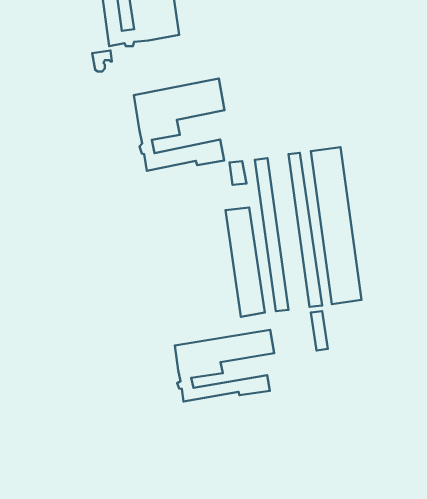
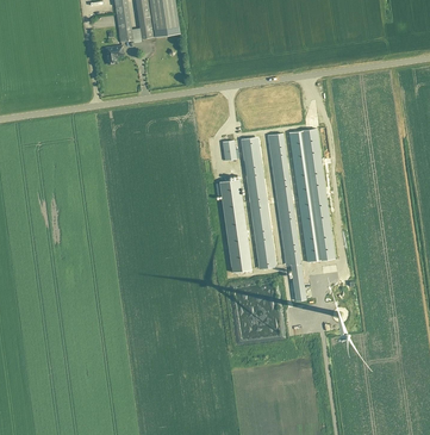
building: [134,79,225,171] -> none
building: [175,330,274,401] -> none

